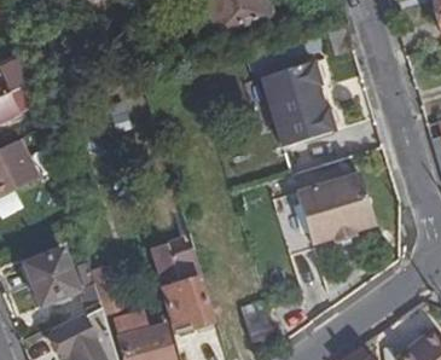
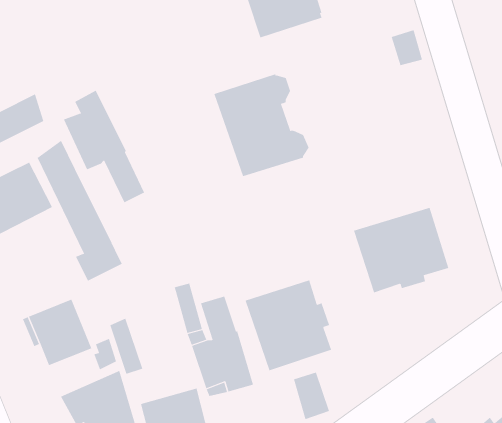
building: [260,62,340,147] -> [213,74,310,177]
building: none -> [63,90,145,203]
building: none -> [37,140,122,282]
building: none -> [245,279,332,371]

